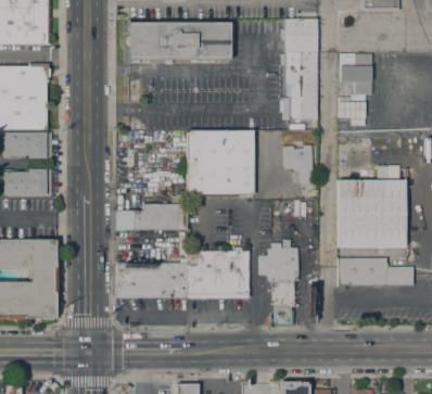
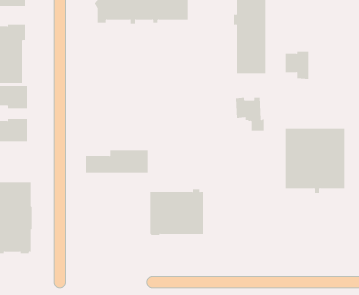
building: [340,53,372,94] -> none
building: [188,131,254,198] -> none
building: [259,239,298,327] -> none
building: [339,257,414,285] -> none
building: [117,263,188,298] -> none

